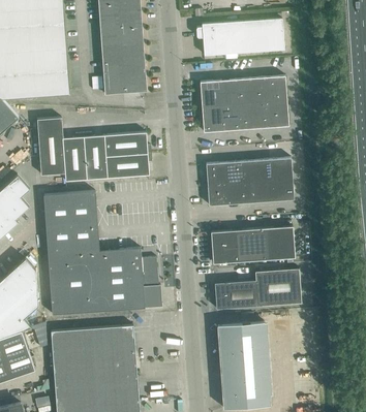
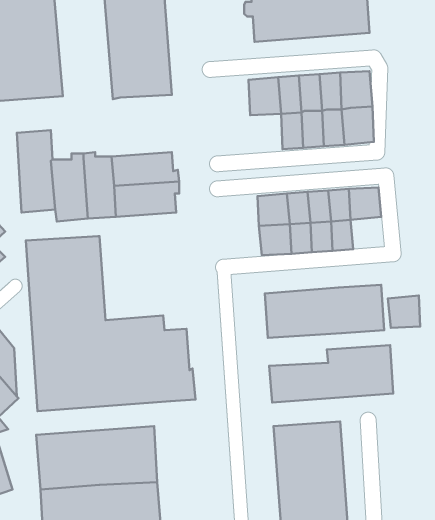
building: [201,106,223,132] -> none
building: [271,179,294,201] -> [388,296,420,328]

